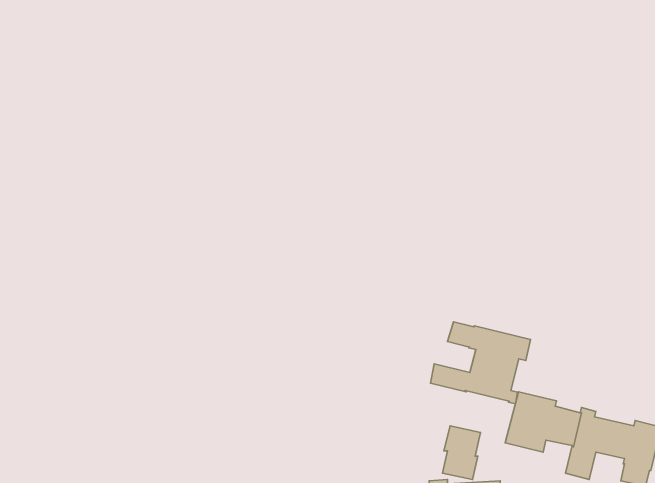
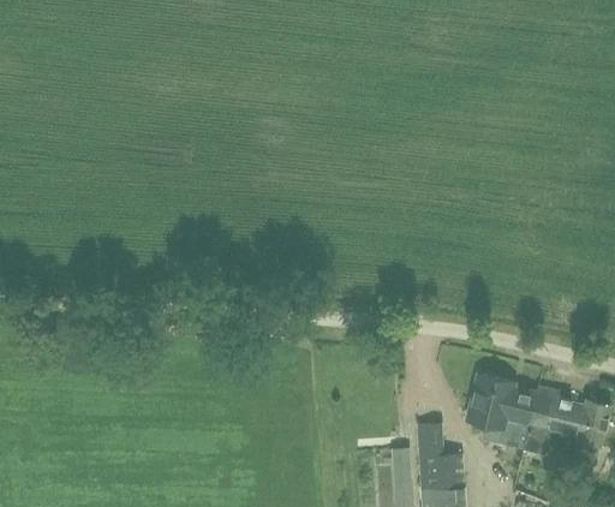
building: [430,322,531,404] -> none

